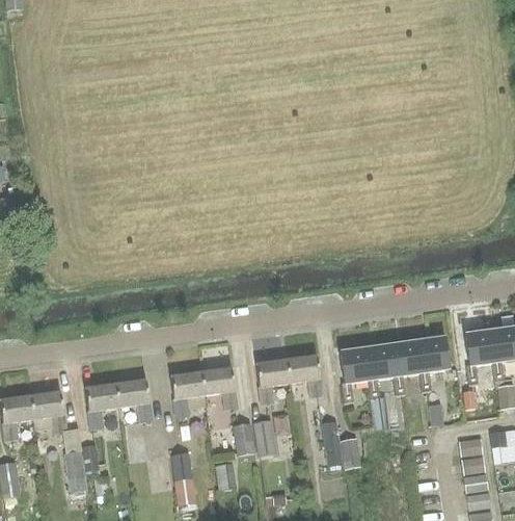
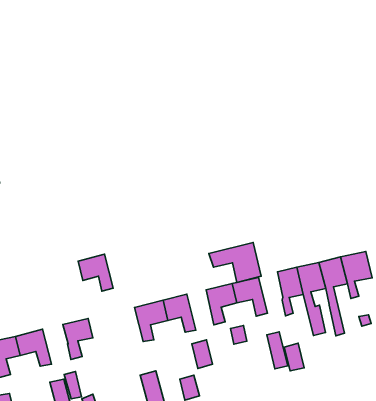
building: none -> [209,242,261,282]
building: [115,377,153,420] -> [78,254,113,291]
building: [252,418,275,454] -> none

